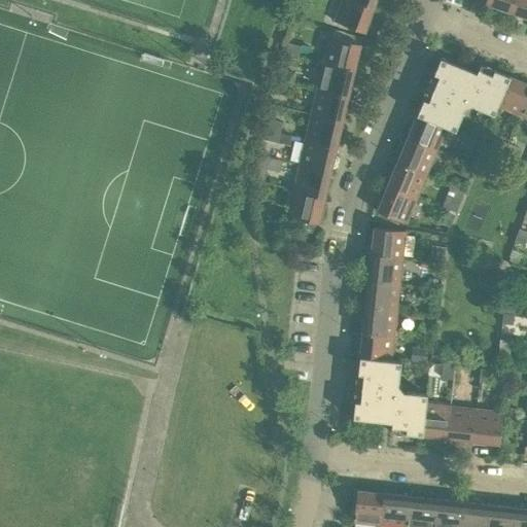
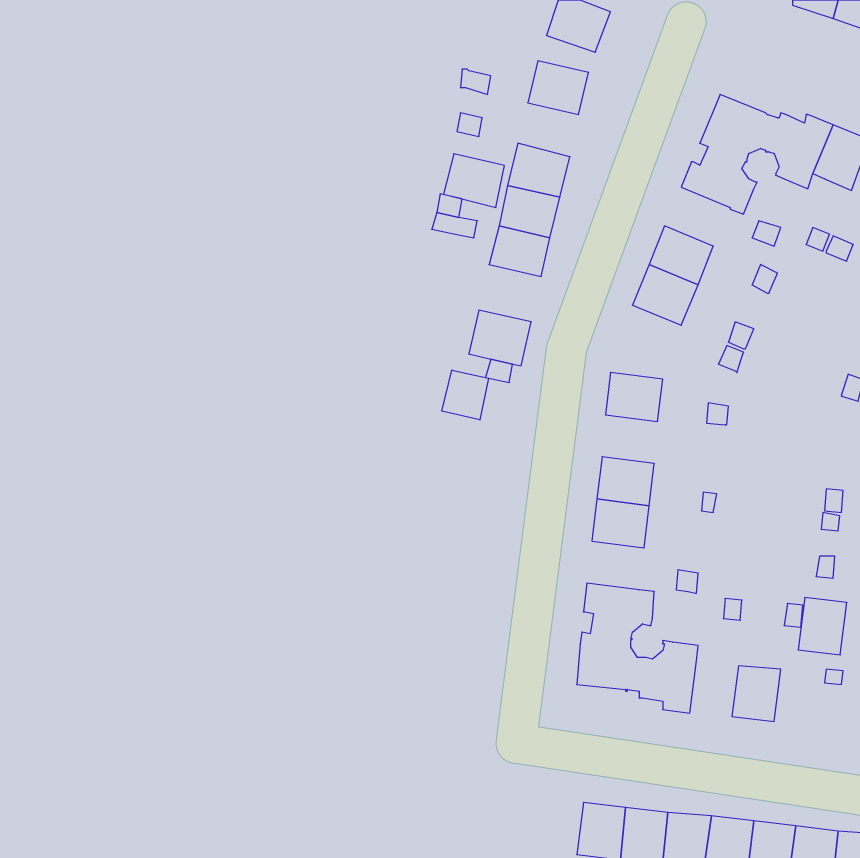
building: [317,65,354,98] -> [444,154,504,208]
building: [407,116,447,152] -> none
building: [293,164,331,199] -> none
building: [377,188,417,225] -> none
building: none -> [442,370,489,420]
building: [368,255,402,285] -> none
building: [359,332,394,362] -> none
building: [422,406,452,440] -> none
building: [473,411,503,446] -> [798,598,847,655]

